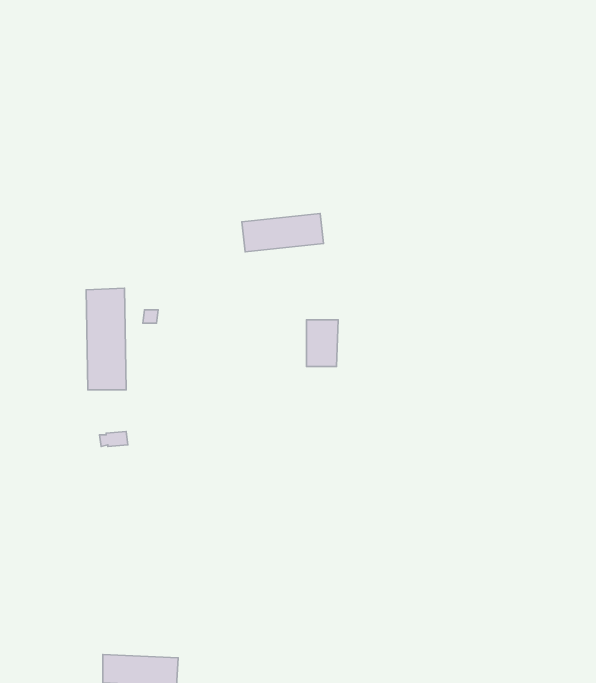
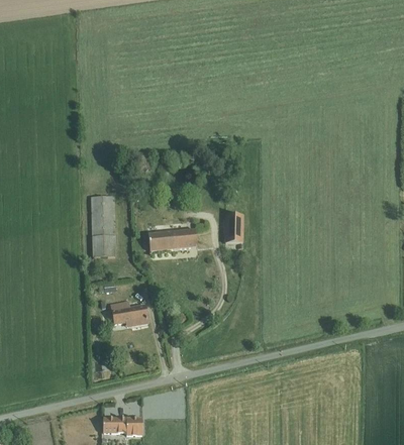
building: [242,214,323,252] -> [147,227,197,250]
building: none -> [111,299,147,324]

